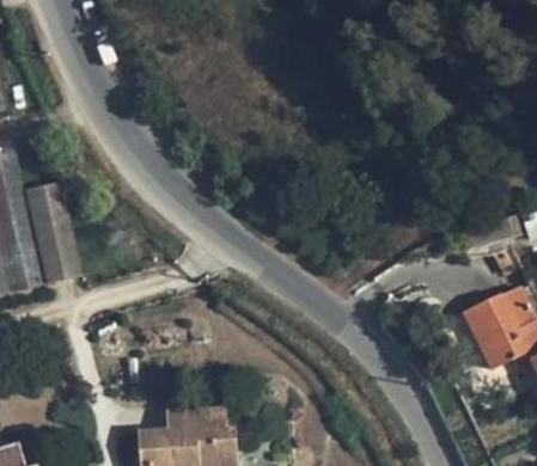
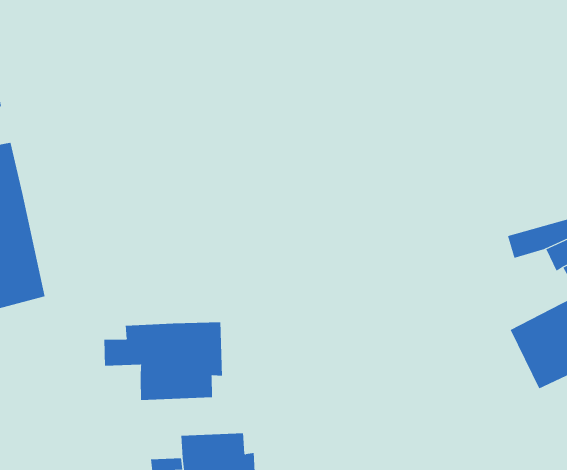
building: [24,182,83,284] -> none
building: none -> [104,322,223,401]

